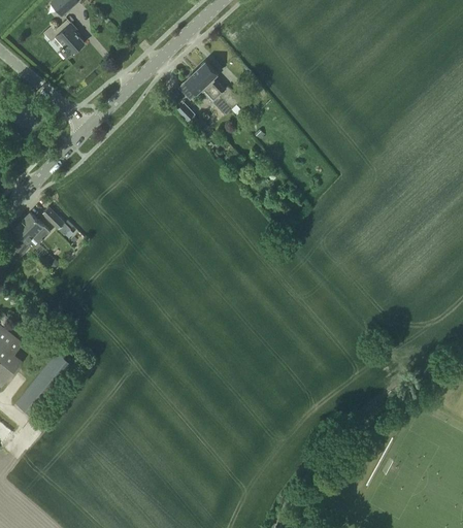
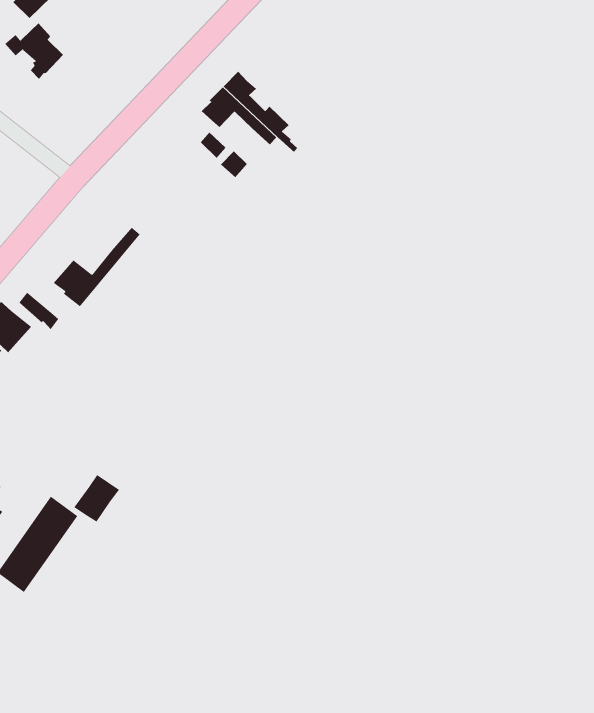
building: none -> [53,227,140,307]
building: none -> [74,474,120,523]

